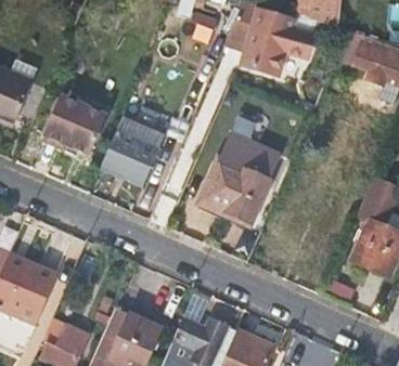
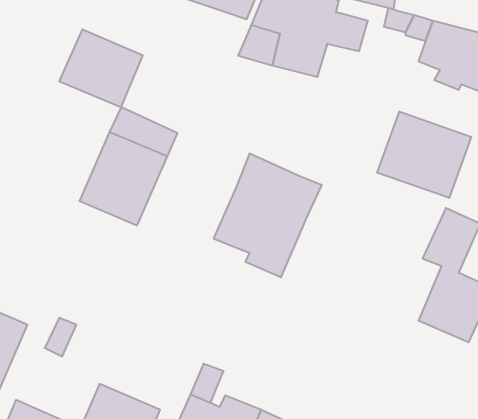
building: [43,96,106,155] -> [59,29,143,107]
building: none -> [377,112,471,198]

